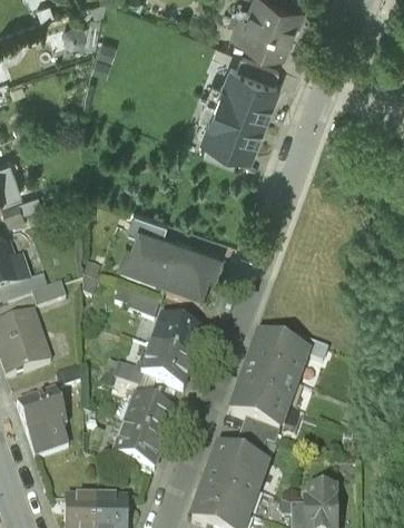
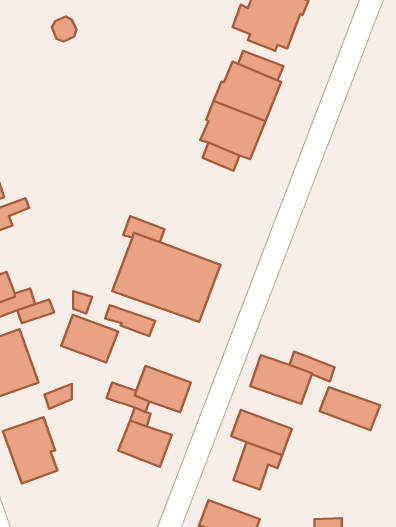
building: [151,315,205,360] -> [61,315,118,363]
building: [240,363,297,403] -> [319,387,380,430]
building: [115,423,165,469] -> none
building: [210,446,267,488] -> none

